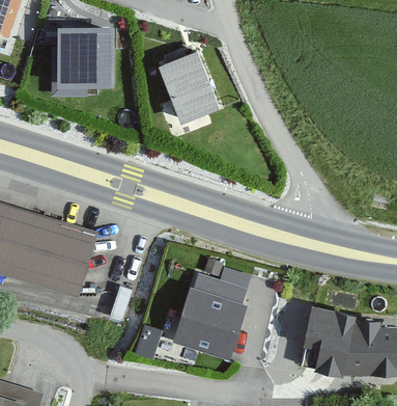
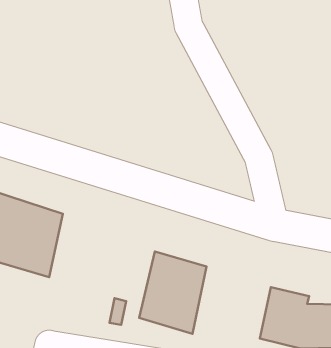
building: [57,29,110,87] -> none
building: [154,54,216,124] -> none

